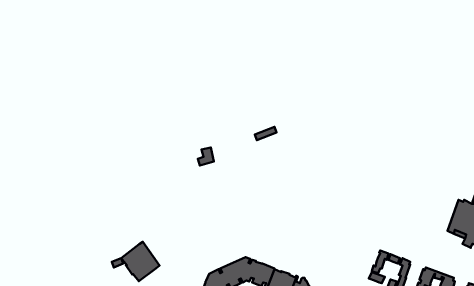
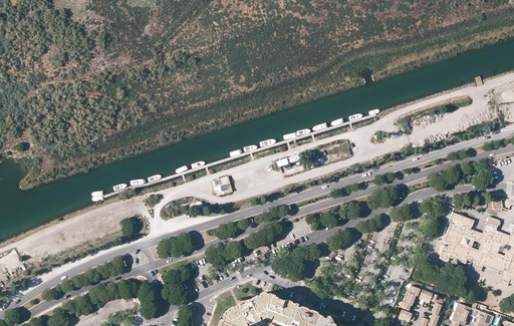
building: none -> [441,214,499,265]
building: [121,242,159,281] -> none

